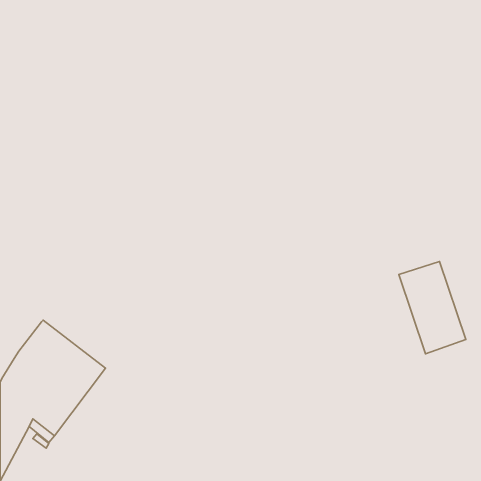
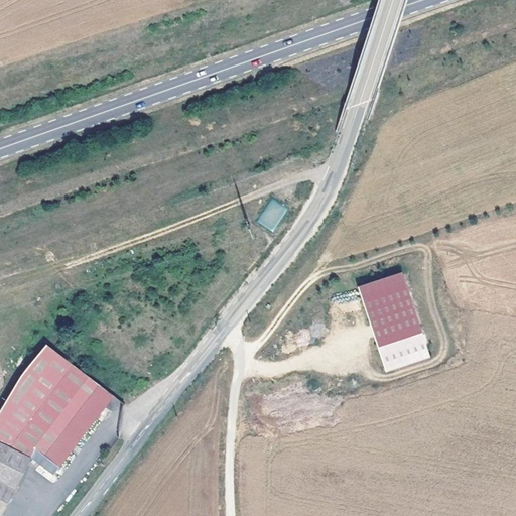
building: none -> [257,199,287,232]
building: [399,261,466,354] -> [358,272,429,371]

